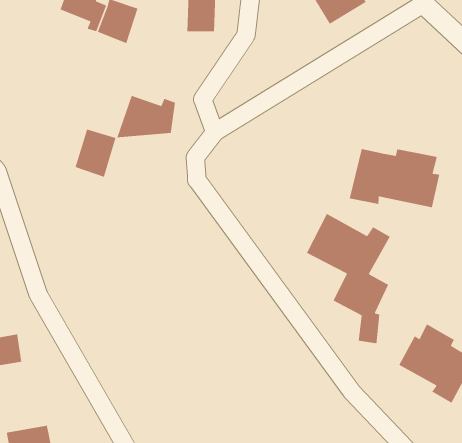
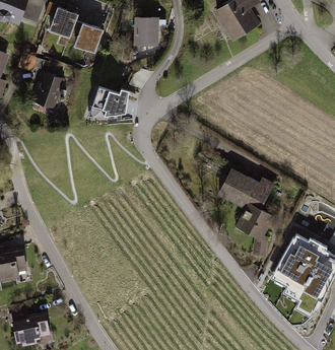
building: [75,129,116,178] -> [34,73,62,107]
building: [349,148,440,208] -> none

